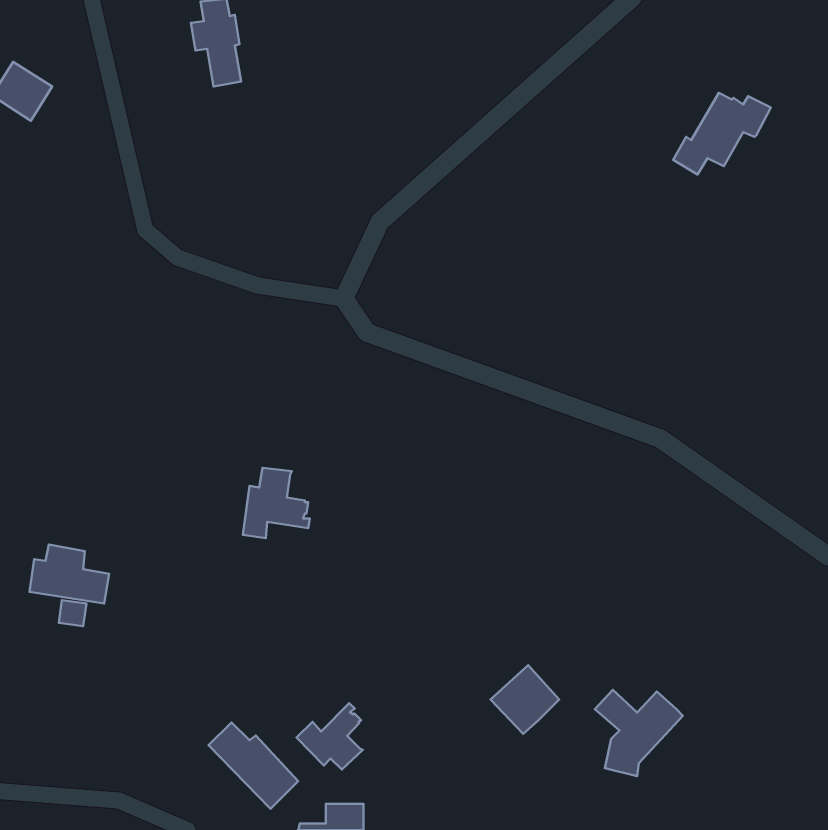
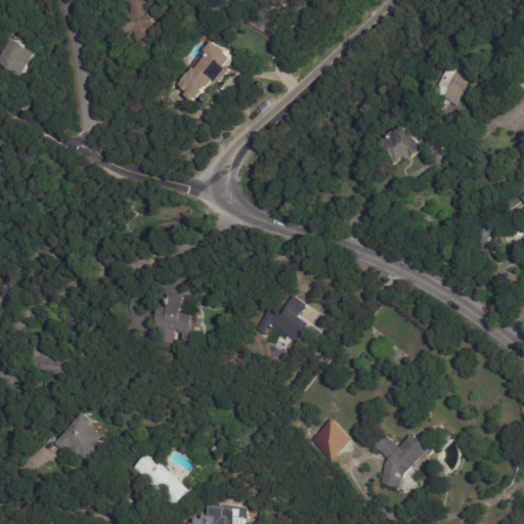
building: none -> [176,42,233,102]
building: none -> [379,125,422,164]
building: none -> [262,295,310,344]
building: none -> [54,412,101,462]
building: [297,703,363,769] -> none

